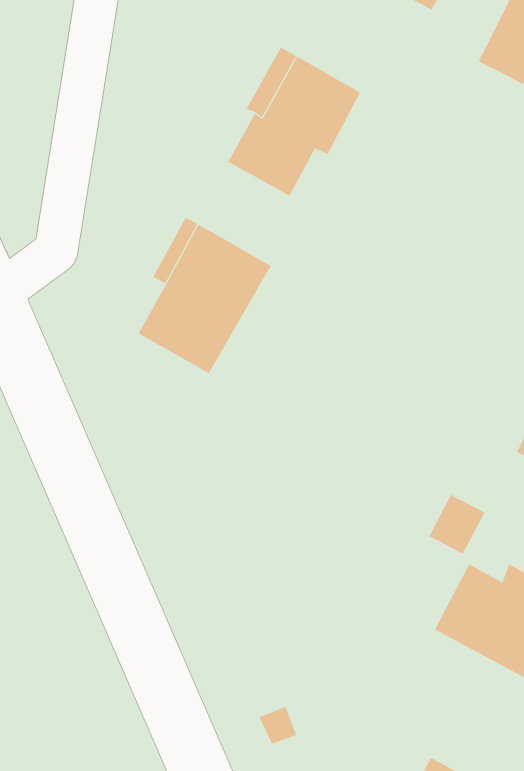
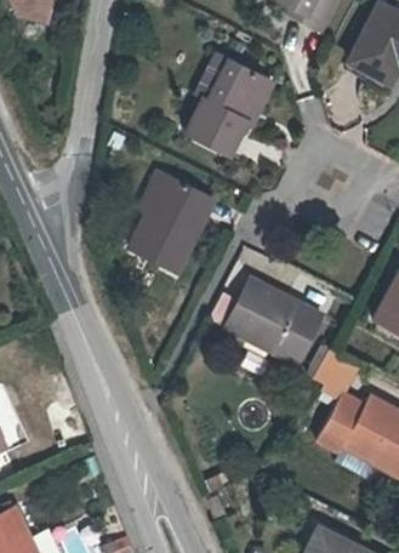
building: none -> [226,278,321,366]

